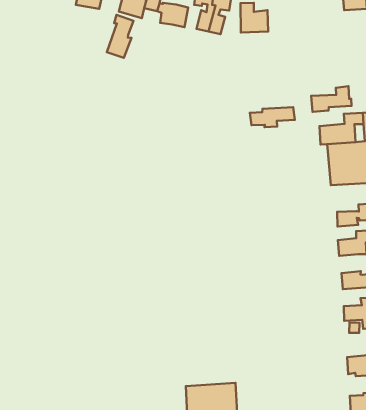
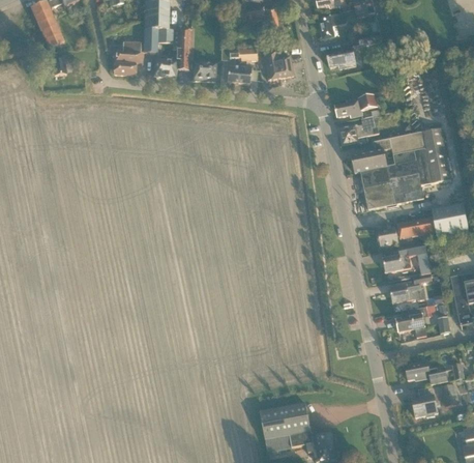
building: none -> [326,46,356,68]
building: [107,15,134,58] -> none
building: [250,107,295,127] -> [335,95,378,117]

